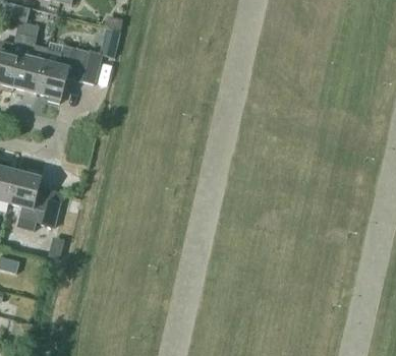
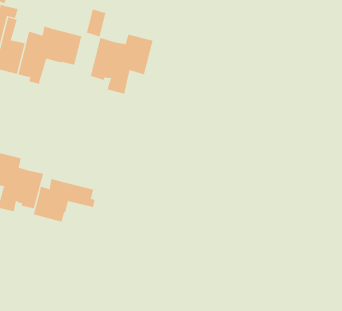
building: none -> [90,34,153,95]
building: none -> [33,178,95,223]

